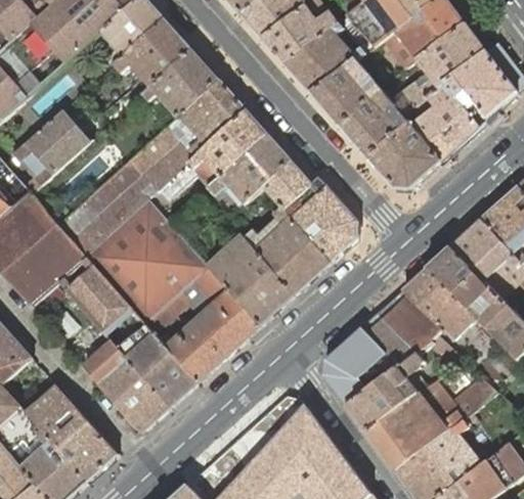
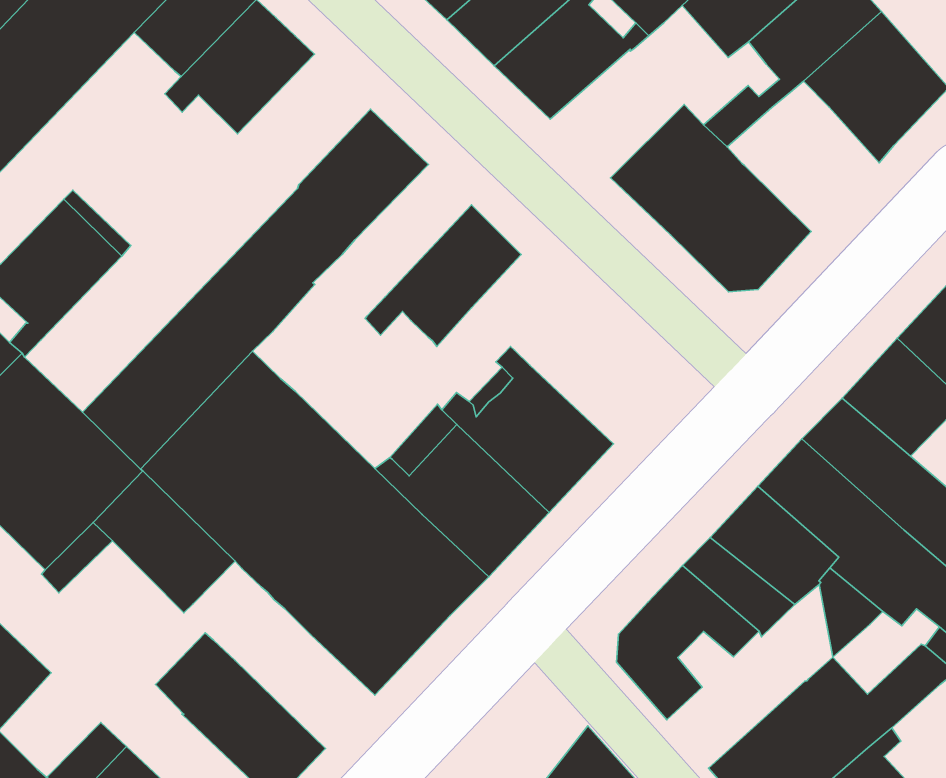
building: [141,49,218,118] -> none
building: [310,59,380,125] -> none
building: [400,83,478,161] -> none
building: [159,110,266,200] -> none
building: [262,161,357,262] -> none
building: [101,327,196,407] -> none
building: [346,352,424,433] -> none

